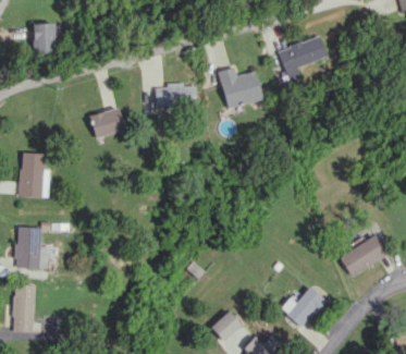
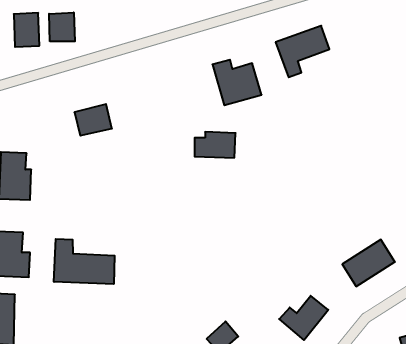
building: none -> [49,12,75,41]
building: [156,83,194,107] -> [195,132,236,158]
building: none -> [54,239,115,284]

